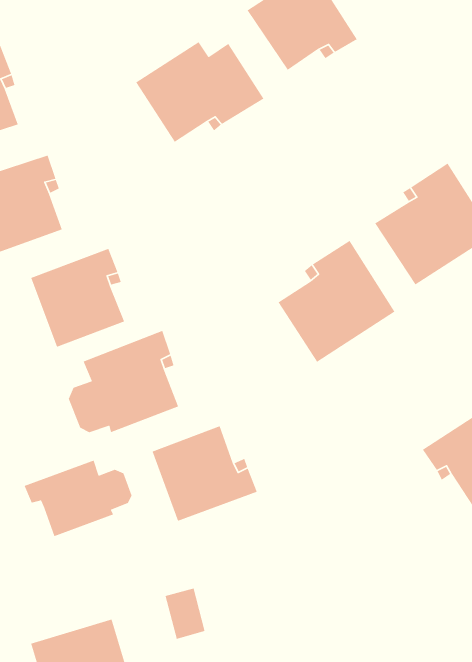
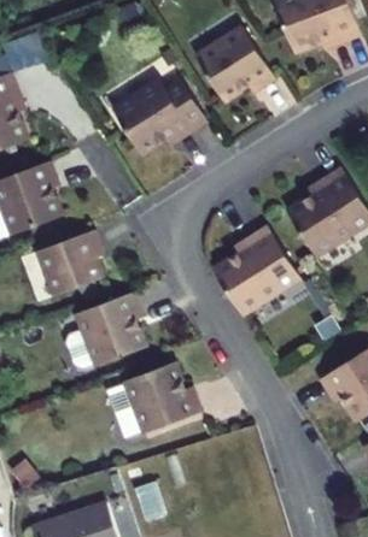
building: [23,460,132,537] -> none

